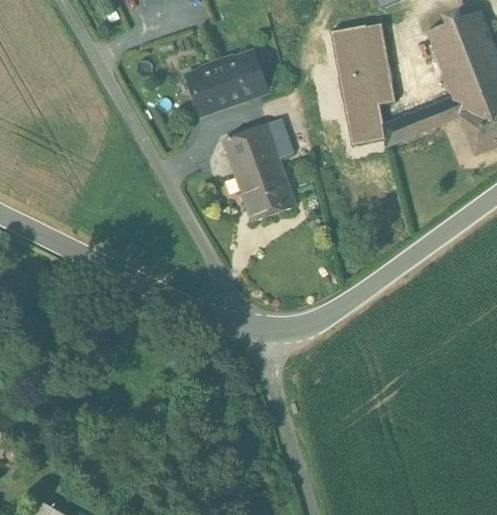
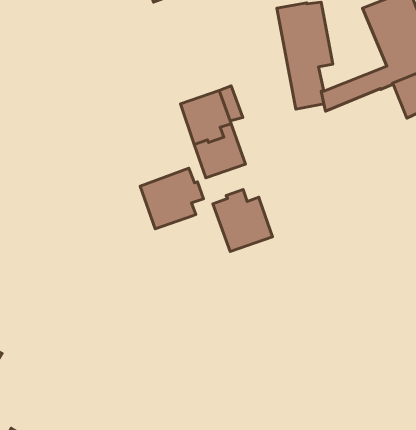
building: [188,53,263,113] -> none
building: none -> [140,168,204,229]
building: none -> [213,190,273,252]

